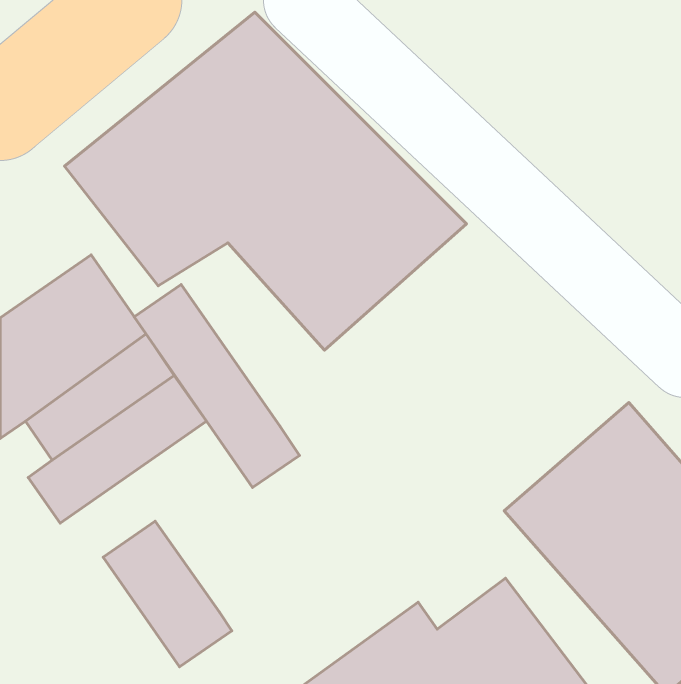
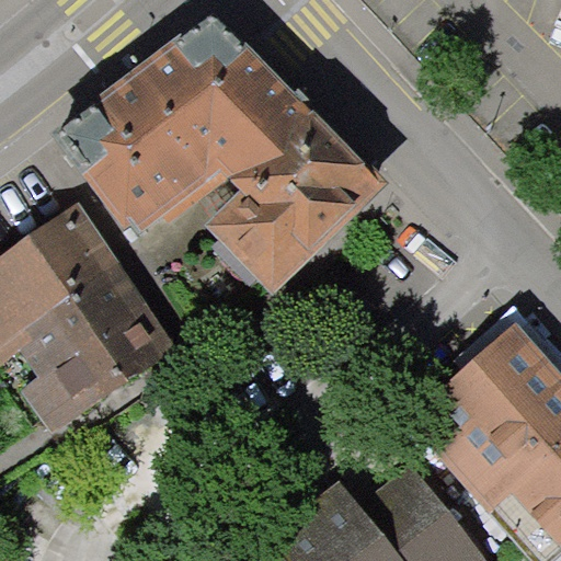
building: [134,285,299,487] -> none
building: [103,521,232,667] -> none

